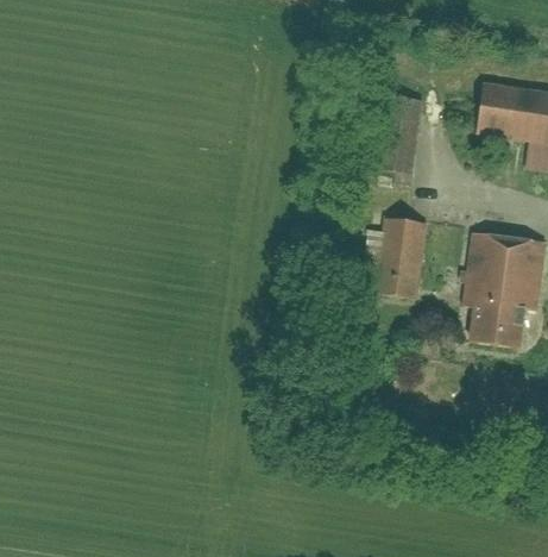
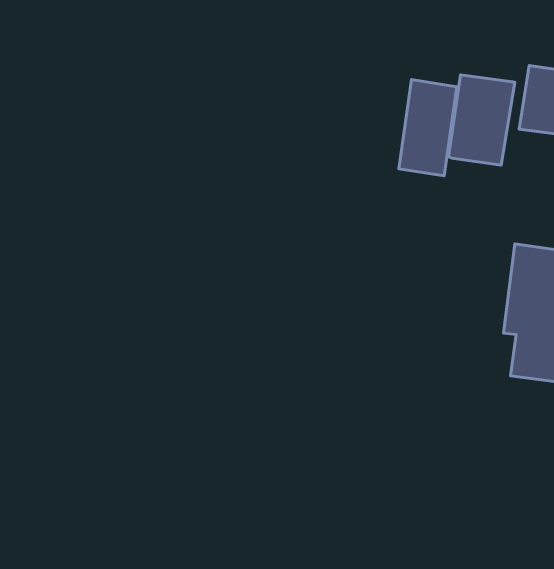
building: none -> [449,75,515,165]
building: [345,217,428,302] -> none

